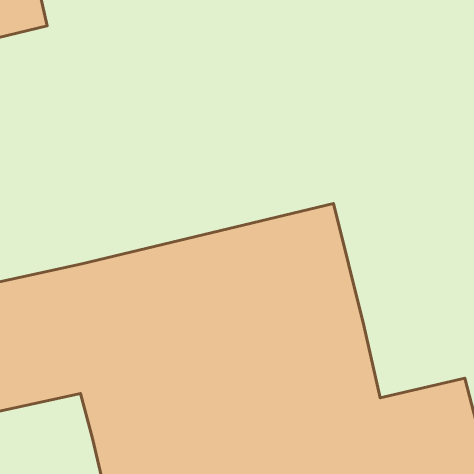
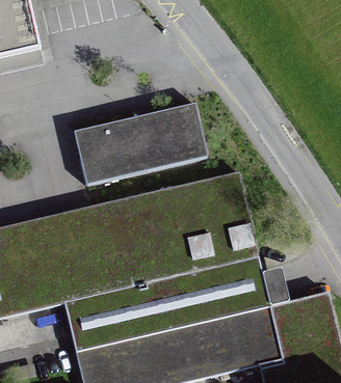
building: none -> [74,104,208,186]

